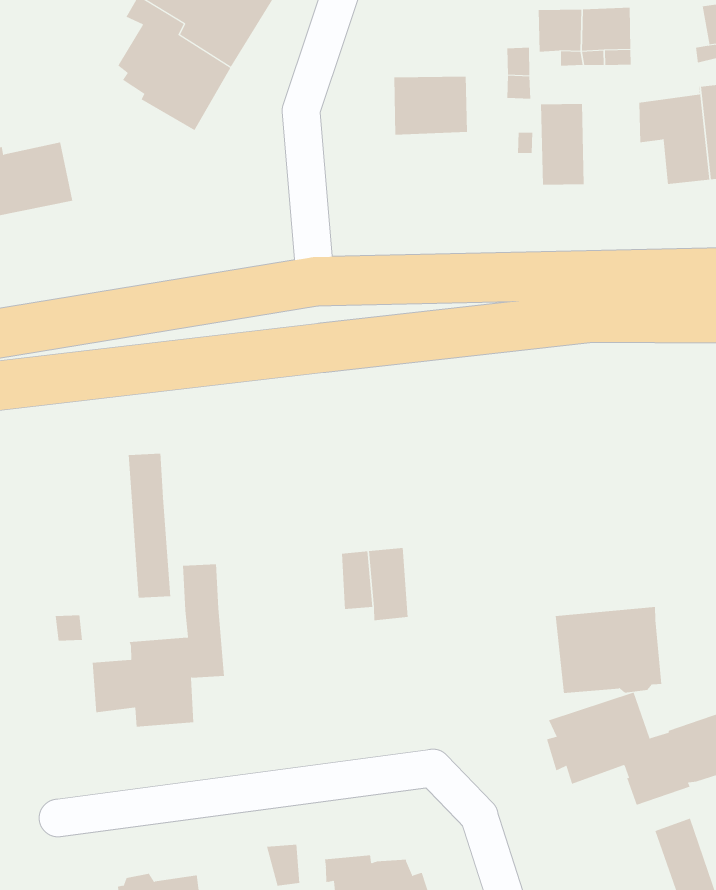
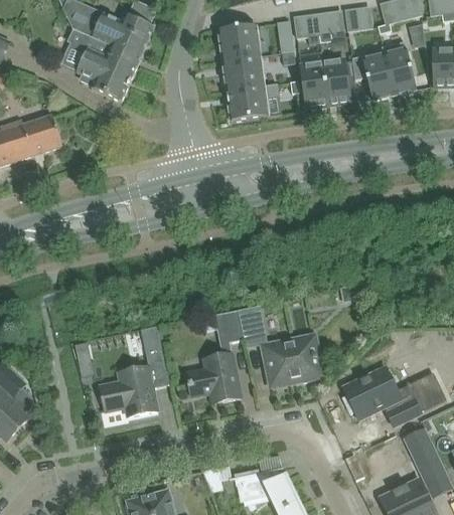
building: none -> [344,6,372,31]
building: none -> [217,24,260,60]
building: none -> [322,59,350,105]
building: none -> [225,83,279,121]
building: [128,453,171,598] -> none
building: [555,607,662,694] -> [262,335,322,386]
building: none -> [186,353,241,403]

